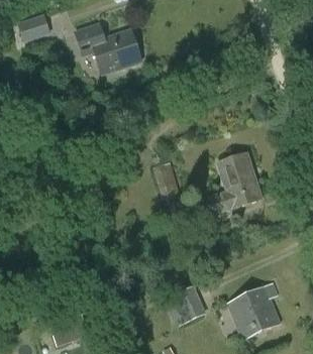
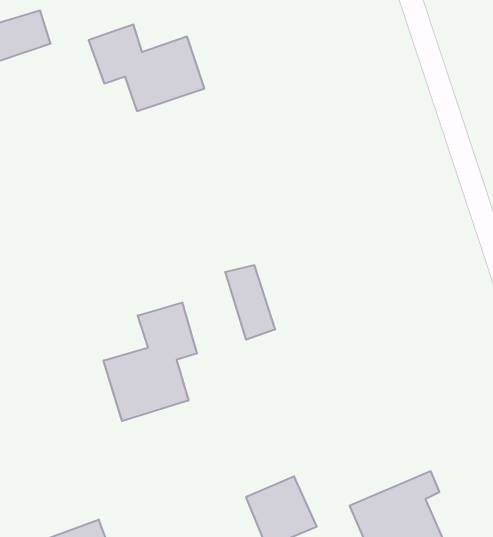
building: [201,152,262,217] -> none
building: none -> [104,302,197,421]

